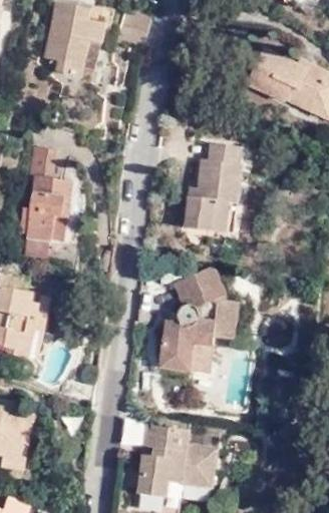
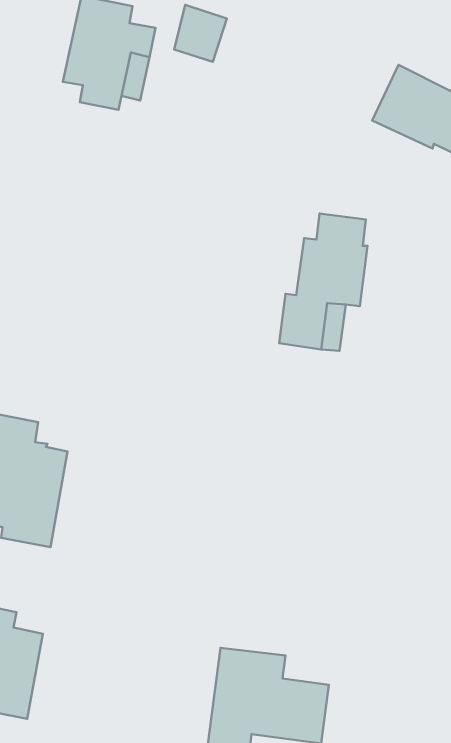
building: [18,147,70,241] -> none
building: [159,267,238,372] -> none

